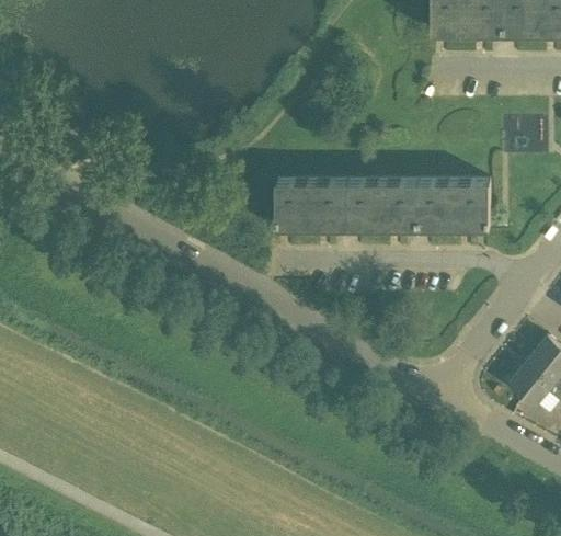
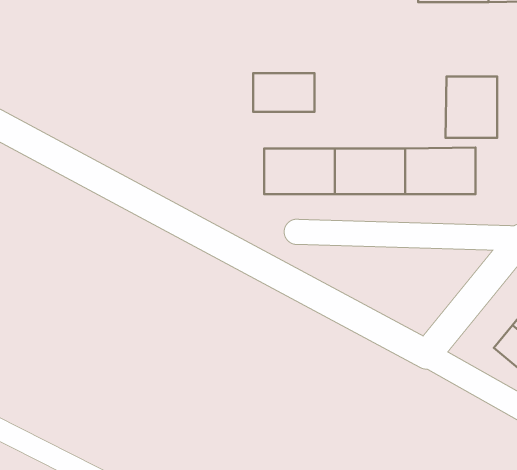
building: none -> [253,73,315,112]
building: none -> [445,77,497,138]

